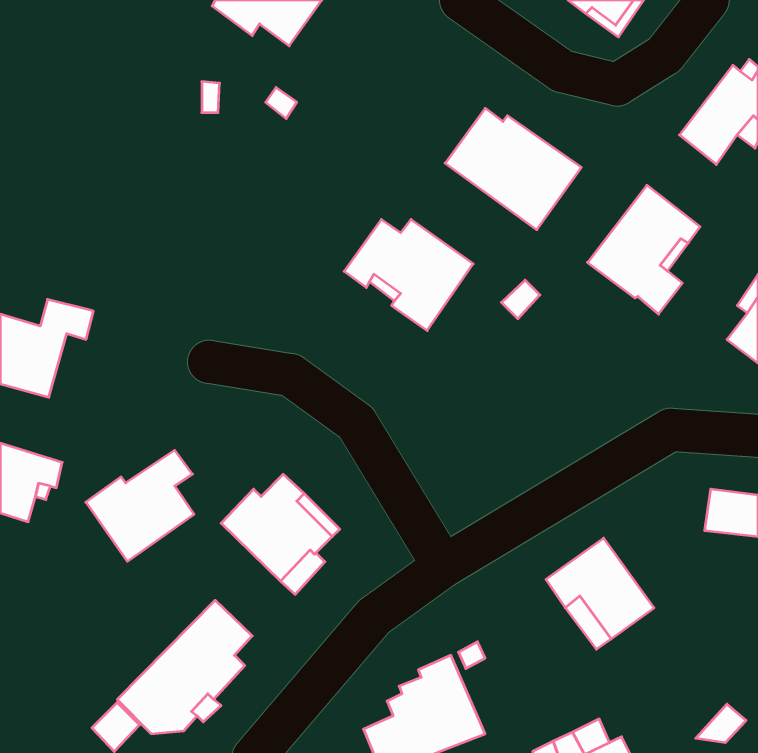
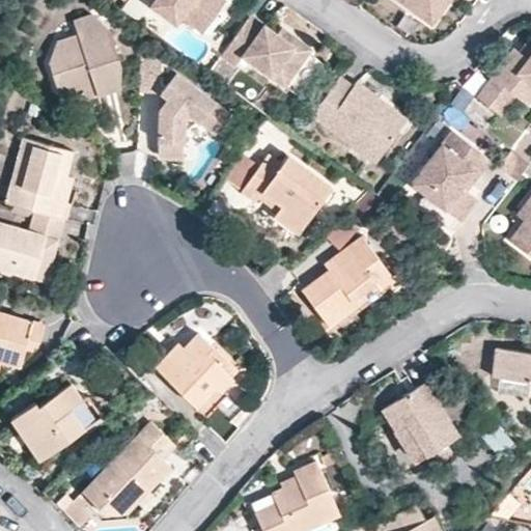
building: none -> [49,16,120,101]
building: none -> [220,16,312,90]
building: none -> [158,64,230,162]
building: none -> [4,139,75,220]
building: none -> [302,237,393,329]
building: [86,450,194,561] -> [9,385,85,463]

